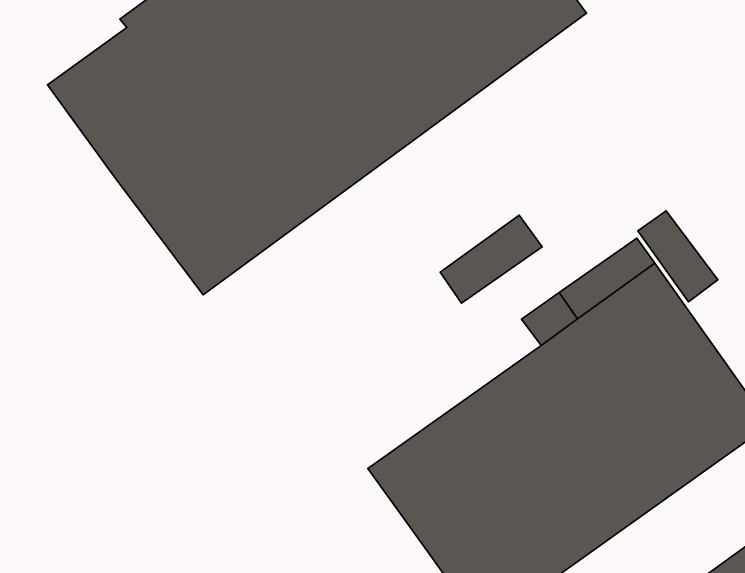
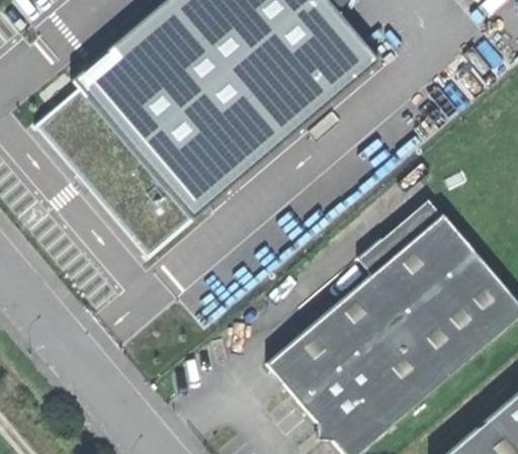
building: [638,211,718,302] -> none
building: [440,215,542,303] -> none

